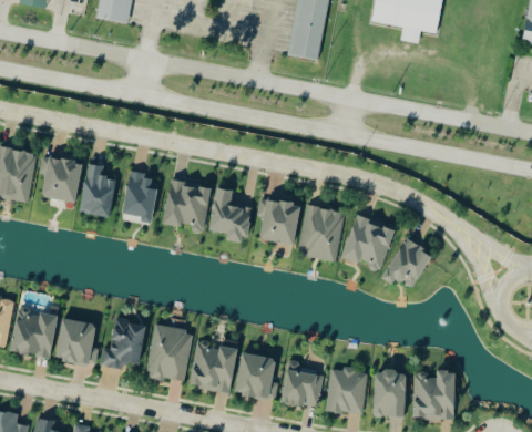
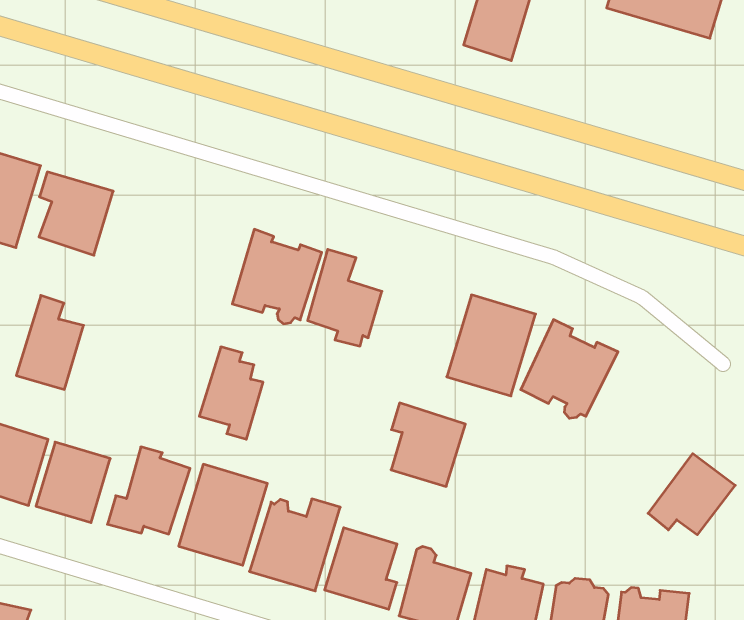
building: [79,162,116,217] -> [16,295,84,389]
building: [122,169,158,224] -> [199,347,263,439]
building: [257,197,301,245] -> [391,403,465,486]
building: [381,237,432,286] -> [648,454,735,535]

